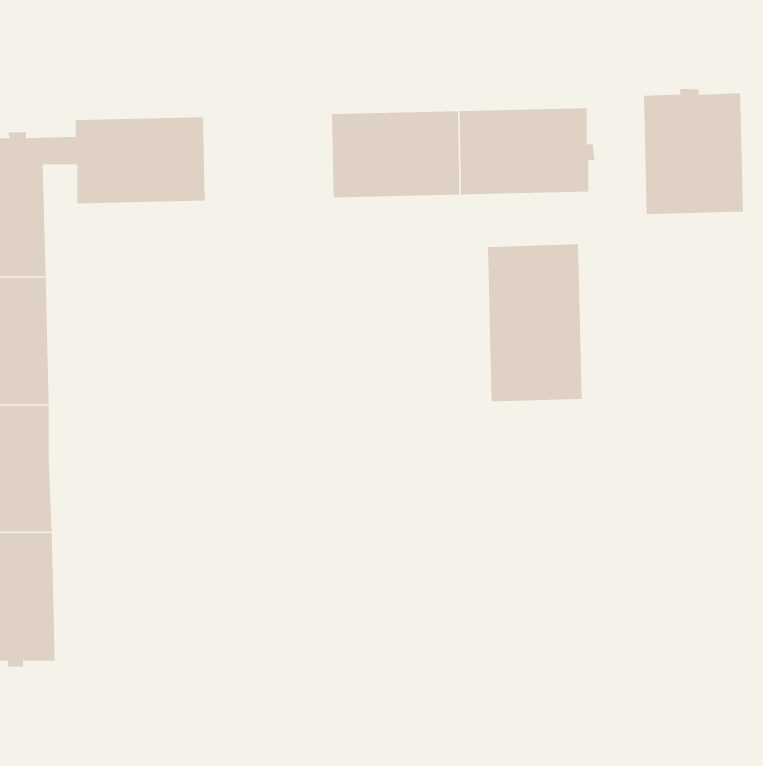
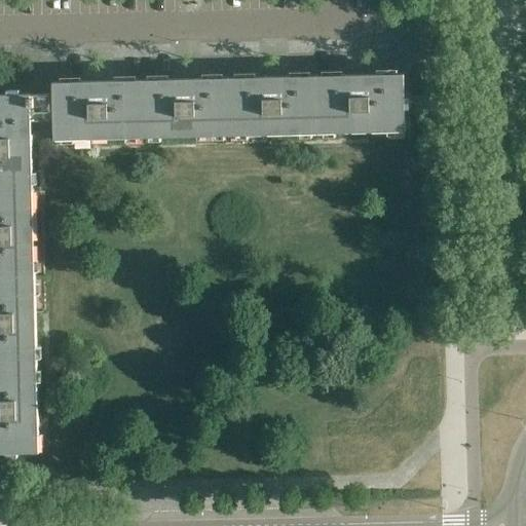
building: [644,88,743,215] -> none
building: none -> [140,78,228,138]
building: [488,244,582,402] -> none

